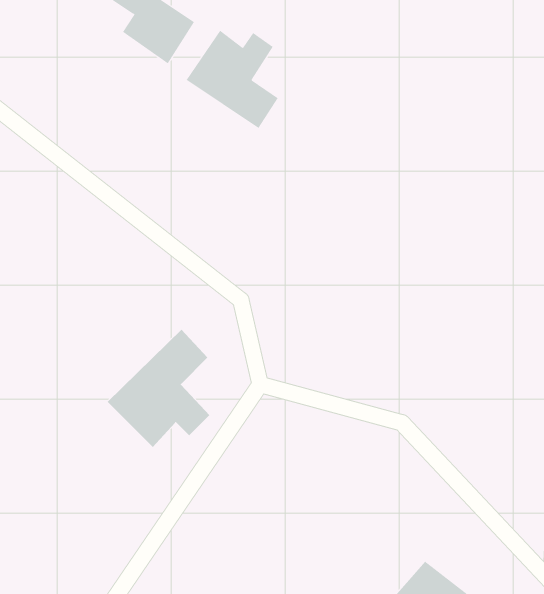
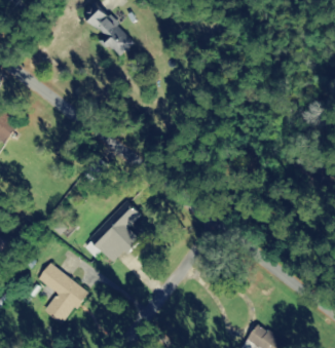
building: [186,30,279,129] -> none
building: none -> [37,263,88,325]

